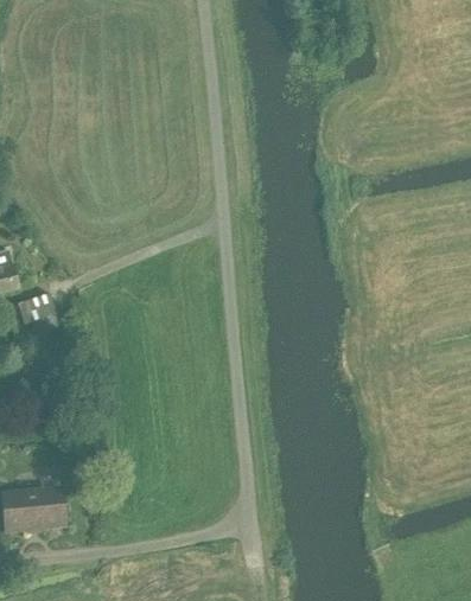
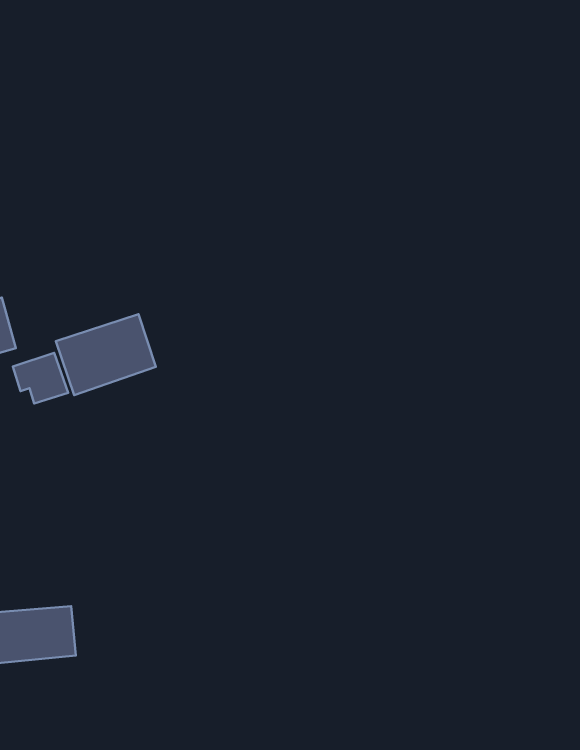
building: none -> [56,314,156,395]

